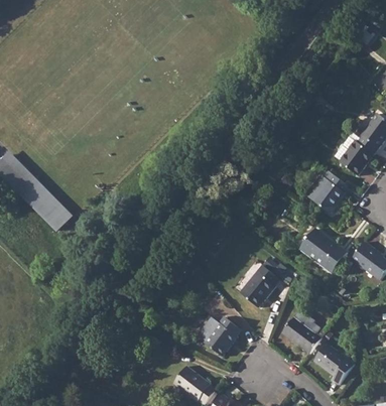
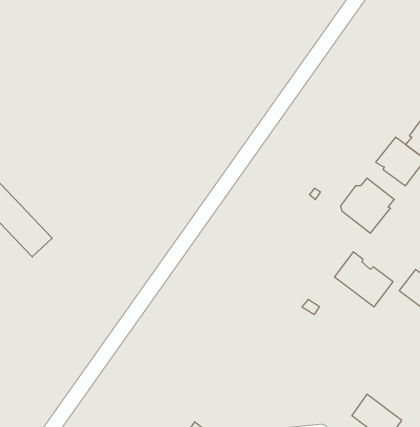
building: [240,265,280,307] -> none
building: [205,316,242,356] -> none
building: [282,316,329,354] -> none

